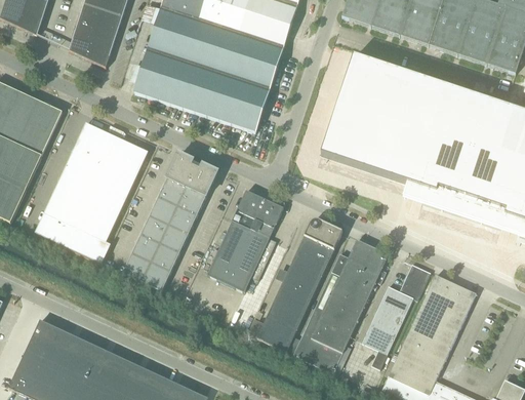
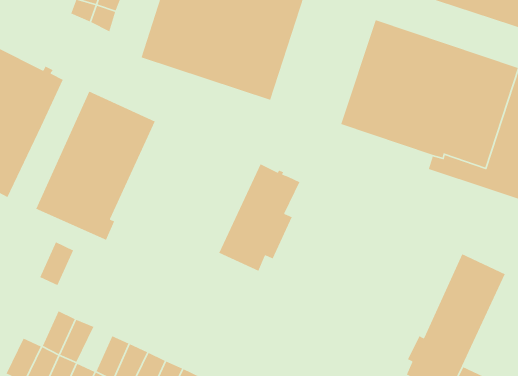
building: [123,153,217,289] -> none
building: [257,218,344,350] -> none
building: [293,238,389,371] -> none
building: [363,262,431,368] -> none
building: [25,318,57,360] -> [39,241,74,286]
building: [75,342,108,384] -> none

